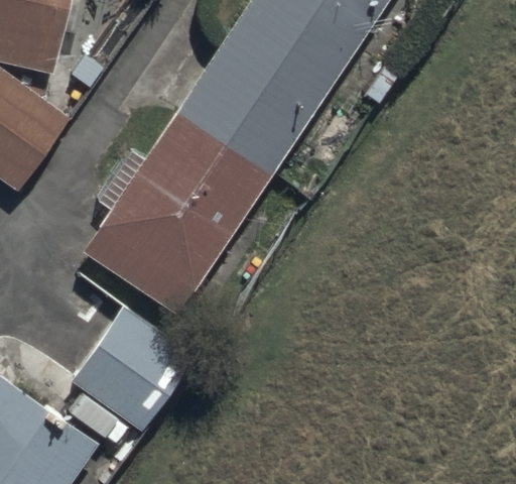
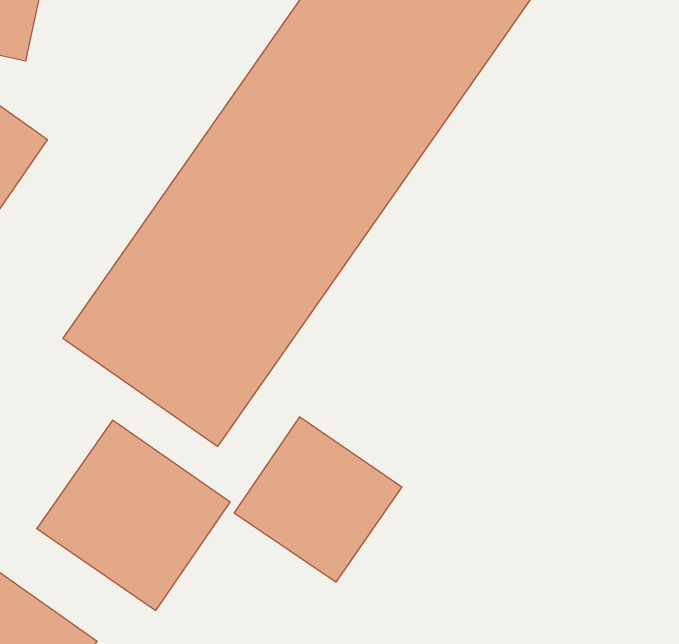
building: none -> [234,417,402,582]

